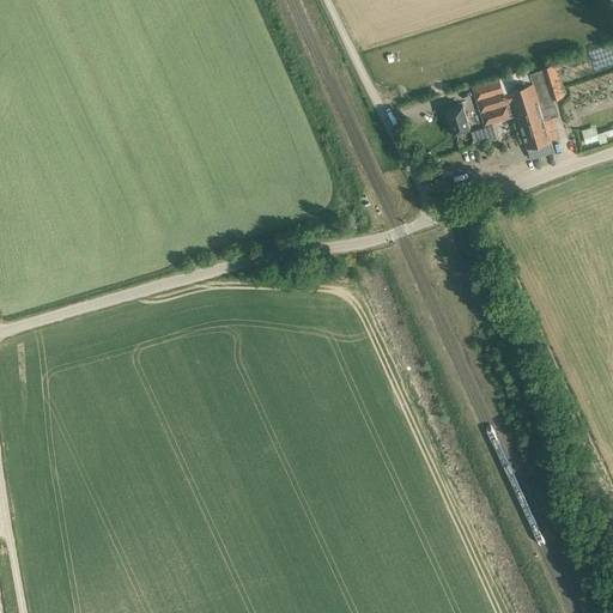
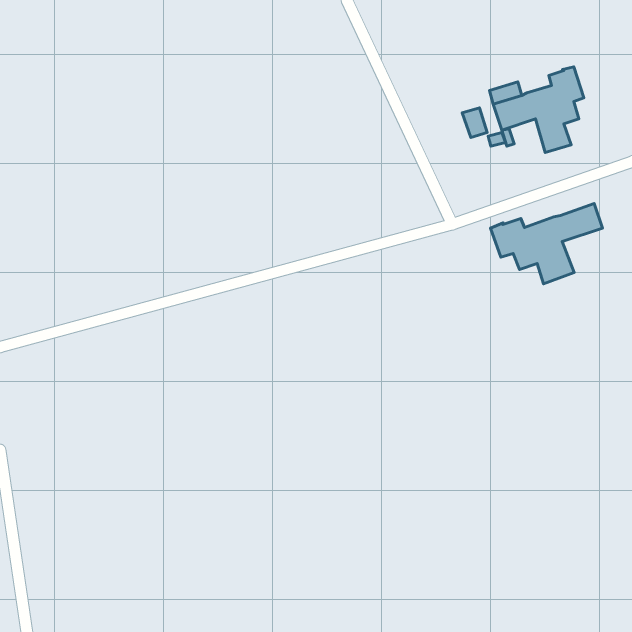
building: none -> [491,203,602,284]

